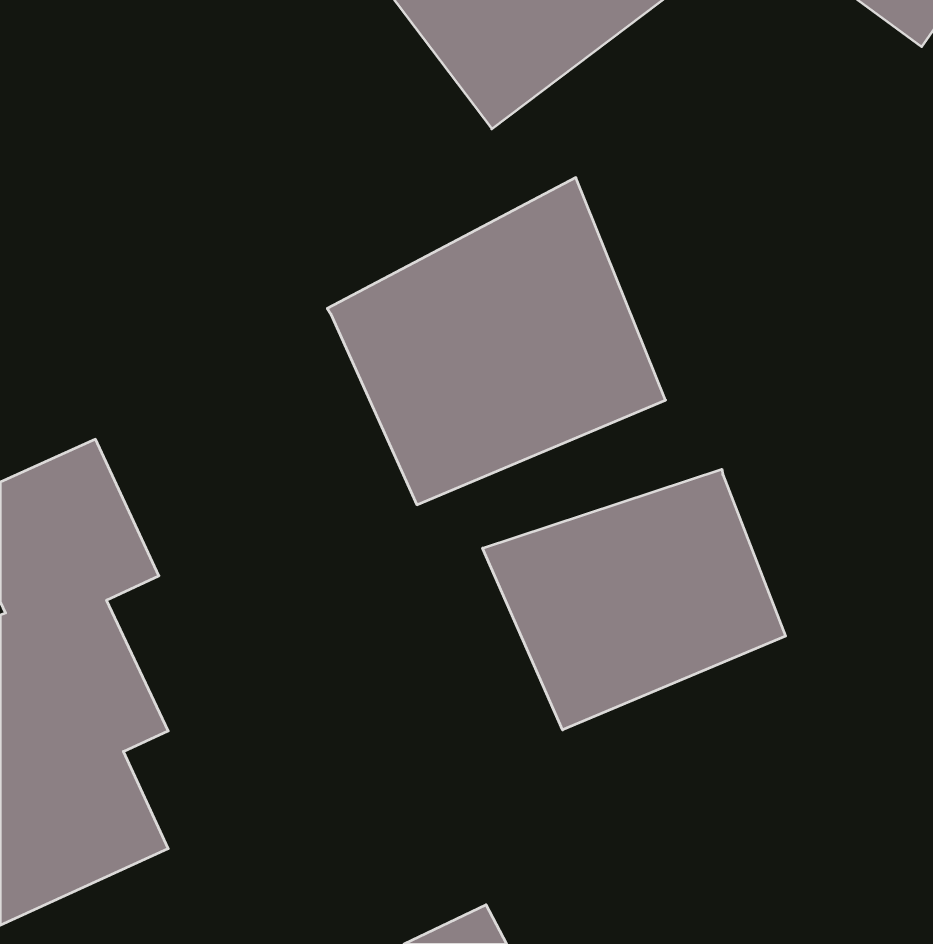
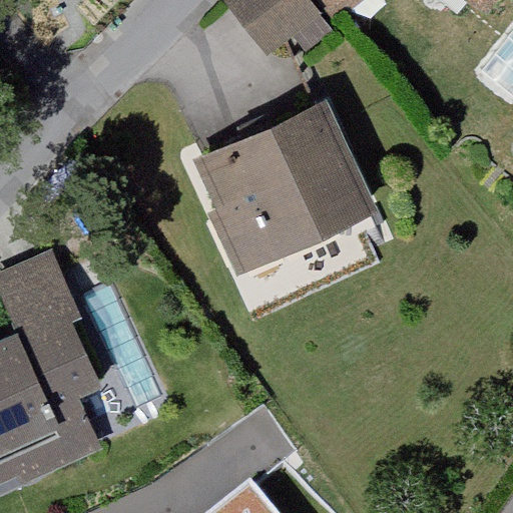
building: [483,469,786,730] -> none

